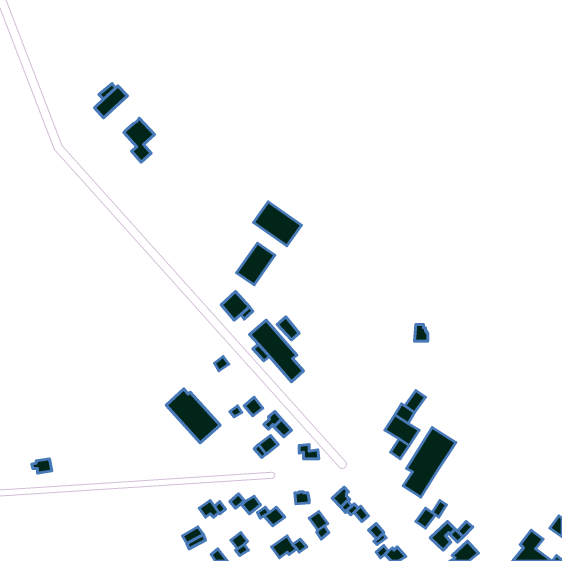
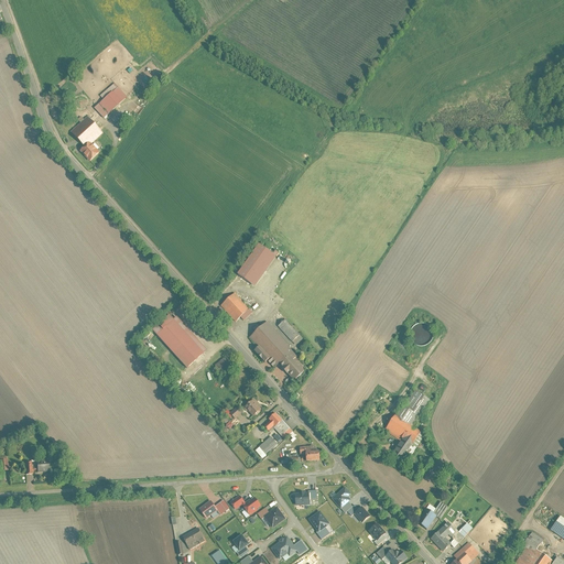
building: [124,118,155,162] -> [72,117,102,161]
building: [253,202,302,246] -> none
building: [166,389,220,443] -> [152,313,206,367]
building: [403,428,456,497] -> none

